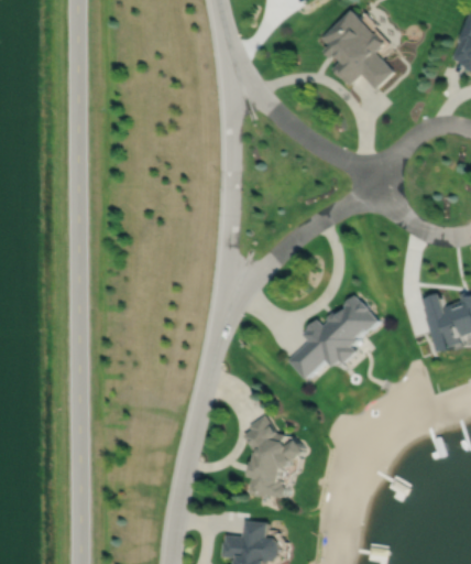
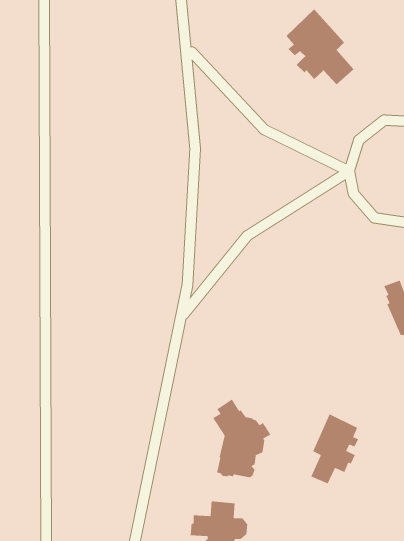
building: [288,294,380,379] -> none
building: none -> [310,413,359,485]

